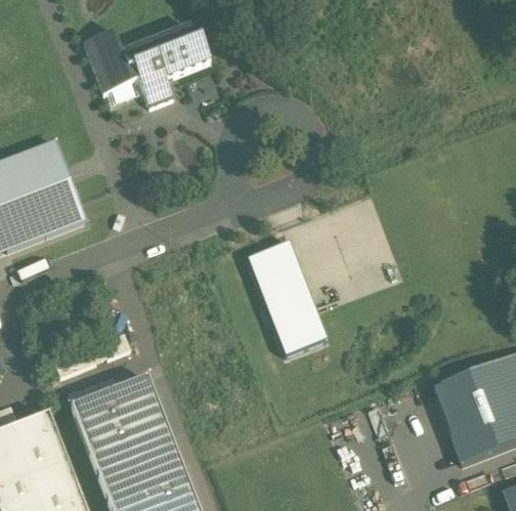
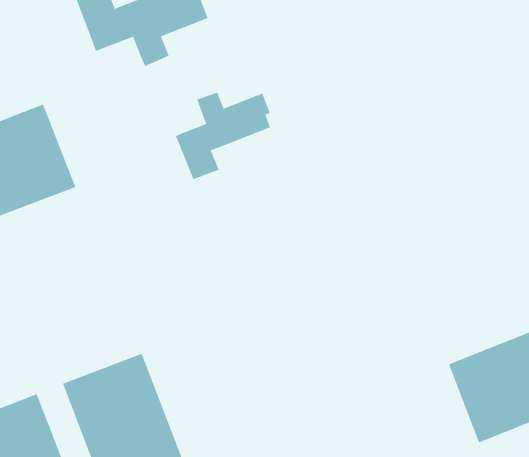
building: none -> [175,92,271,180]
building: [246,241,327,353] -> none

